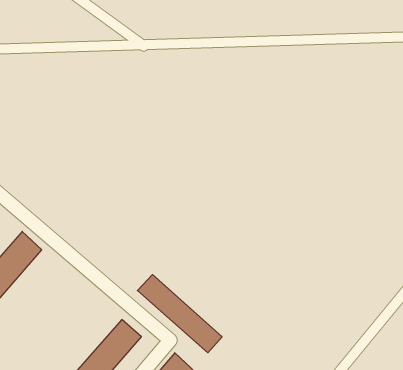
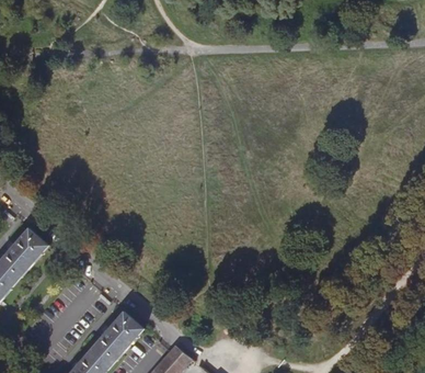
building: [137,275,222,353] -> none

